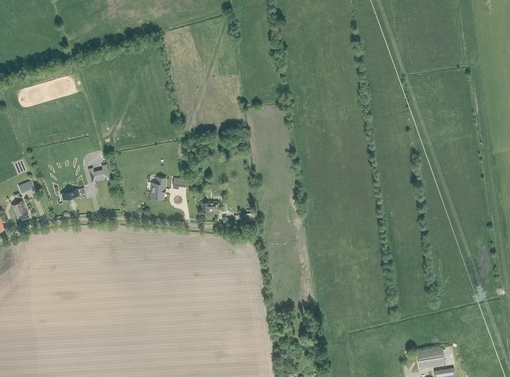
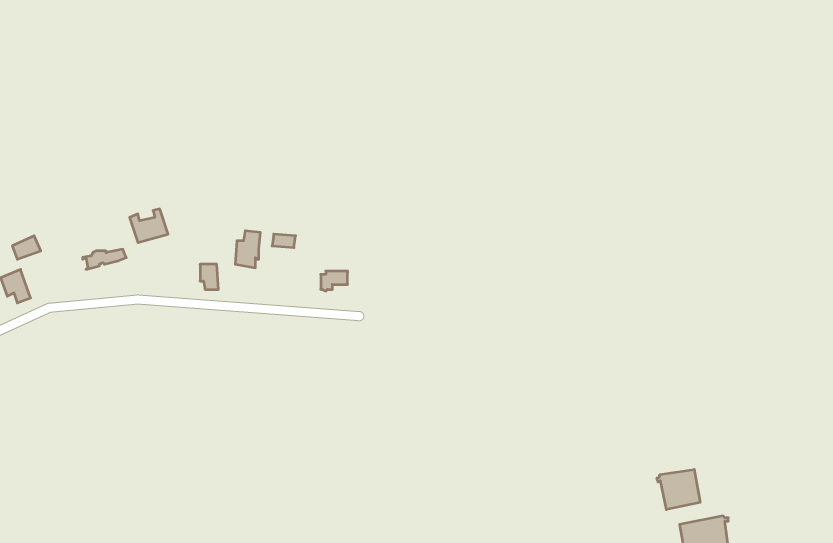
building: none -> [657,469,700,510]

